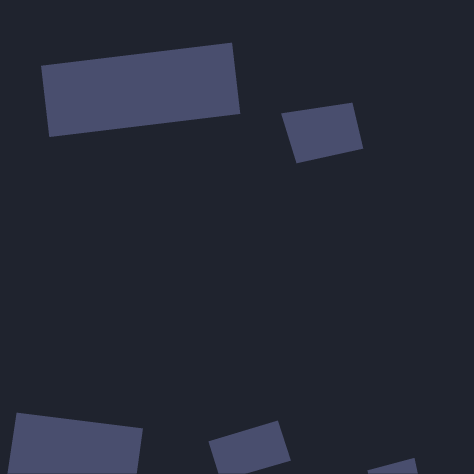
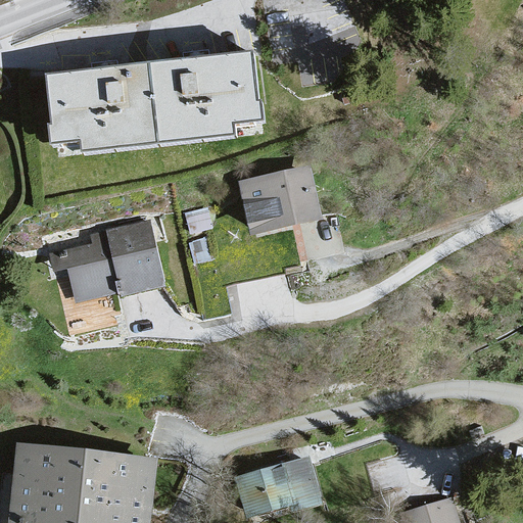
building: [280,102,364,164] -> [232,170,324,237]
building: none -> [55,223,167,305]

